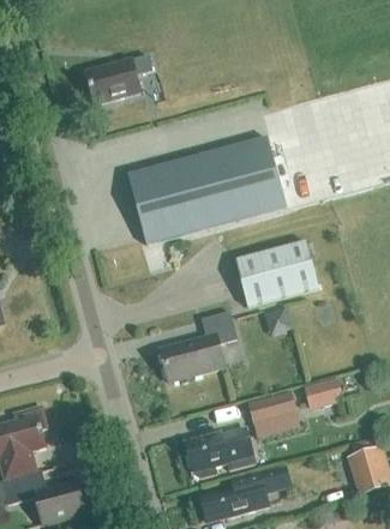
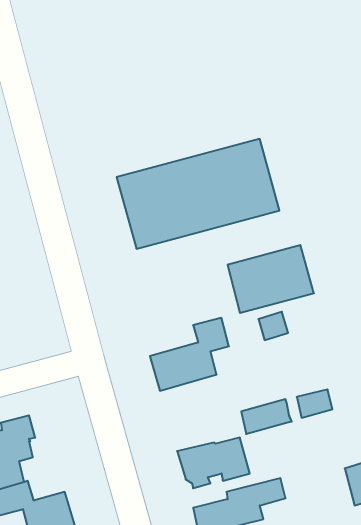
building: [85,54,151,104] -> none

